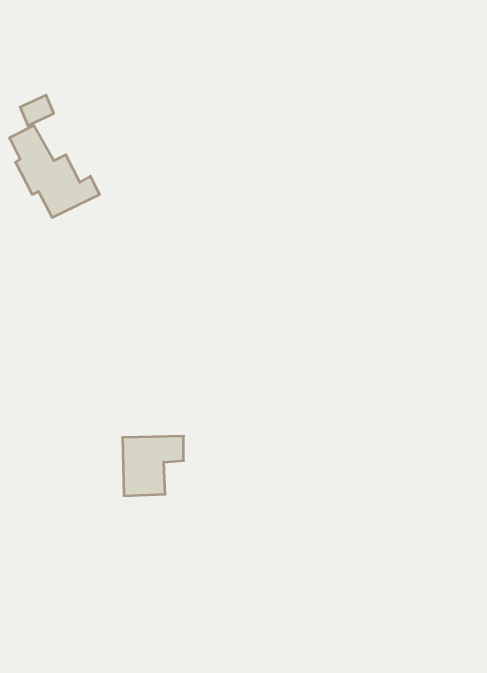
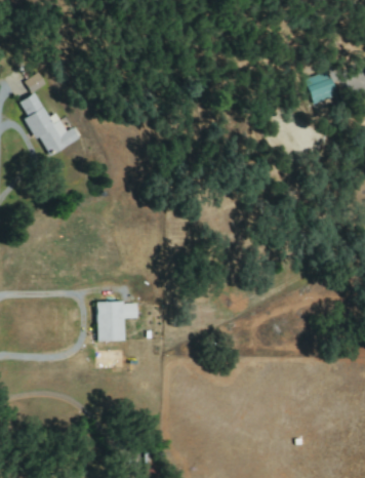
building: none -> [305,71,336,104]

